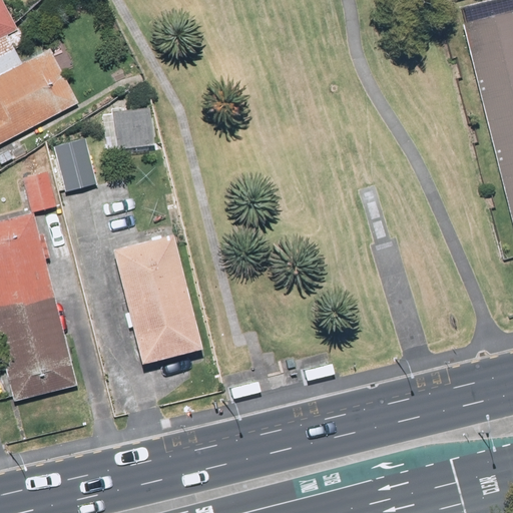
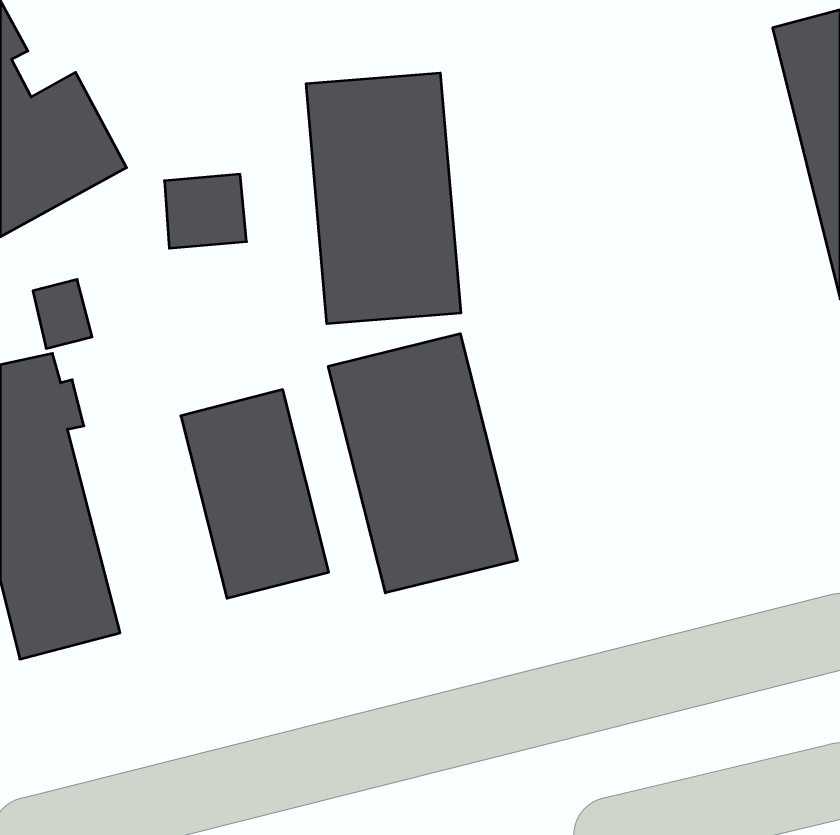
building: none -> [306,73,461,324]
building: [51,139,94,188] -> none
building: none -> [328,334,517,593]

